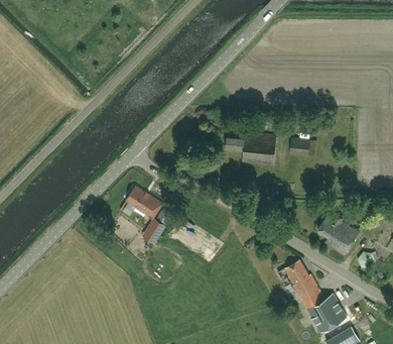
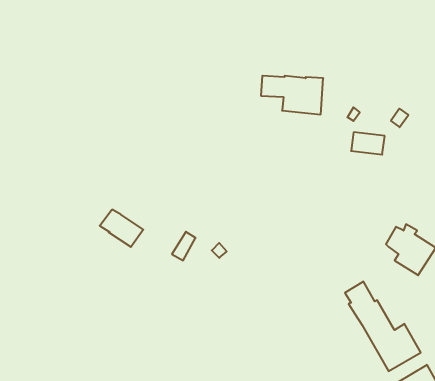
building: [225,133,275,164] -> [261,76,323,114]
building: [127,188,162,218] -> [100,210,143,247]

